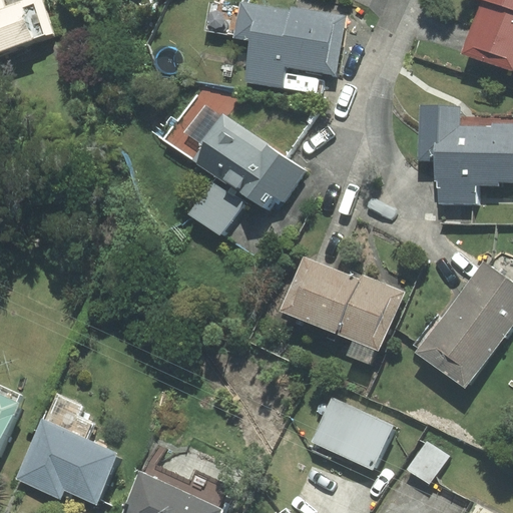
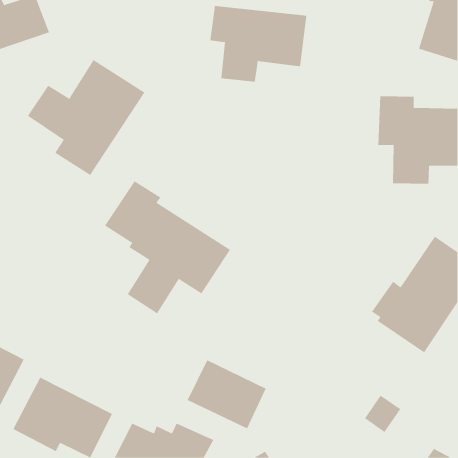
building: none -> [27,59,145,176]
building: [164,90,305,238] -> [104,180,231,314]
building: [286,260,404,352] -> none
building: [310,396,398,473] -> [187,360,266,429]

